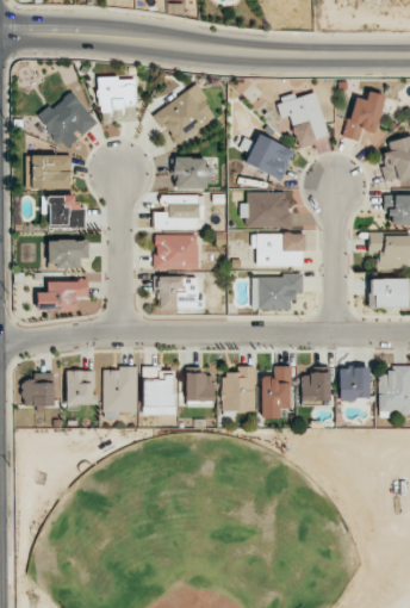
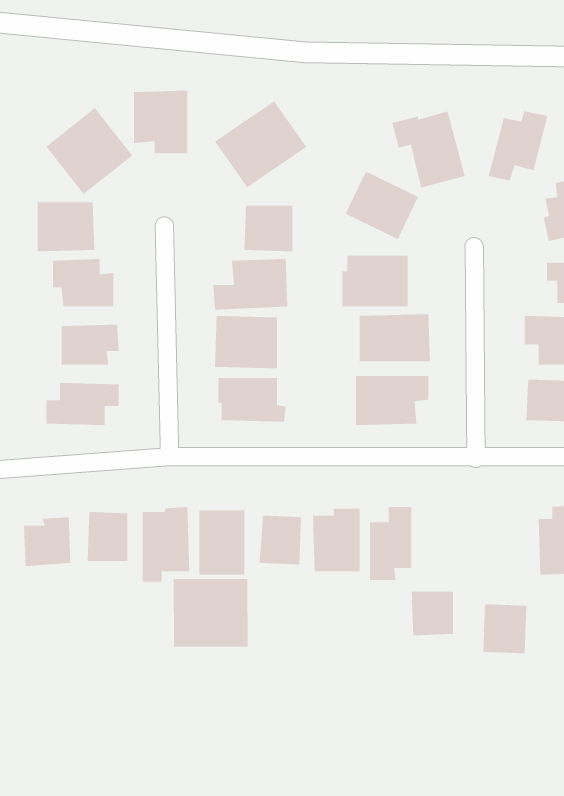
building: [340,367,371,402] -> [482,604,527,654]
building: [302,371,331,402] -> [411,591,454,636]
building: none -> [173,578,248,648]

